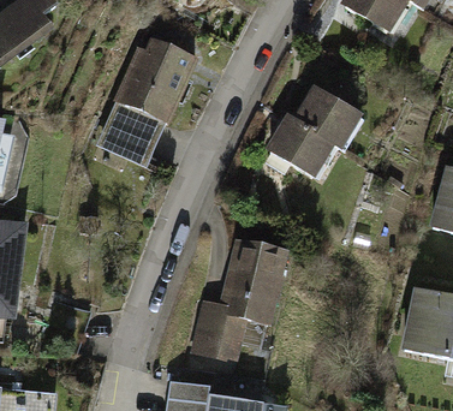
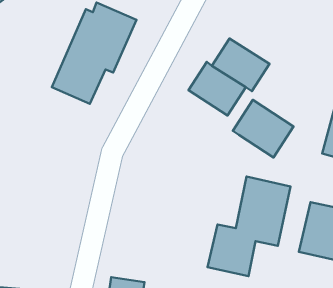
building: none -> [233,100,293,157]
building: [187,240,290,363] -> [208,177,291,276]

